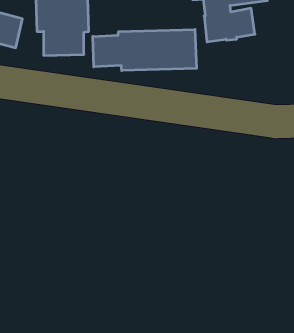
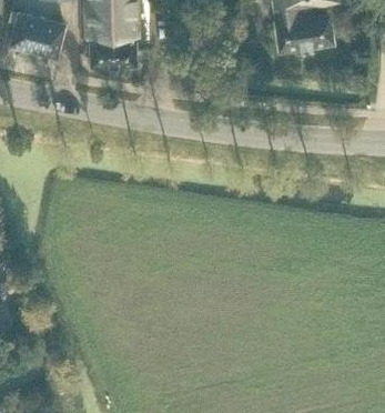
building: [93,29,197,71] -> none

